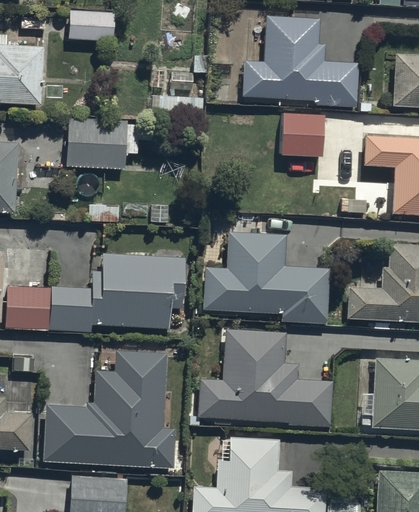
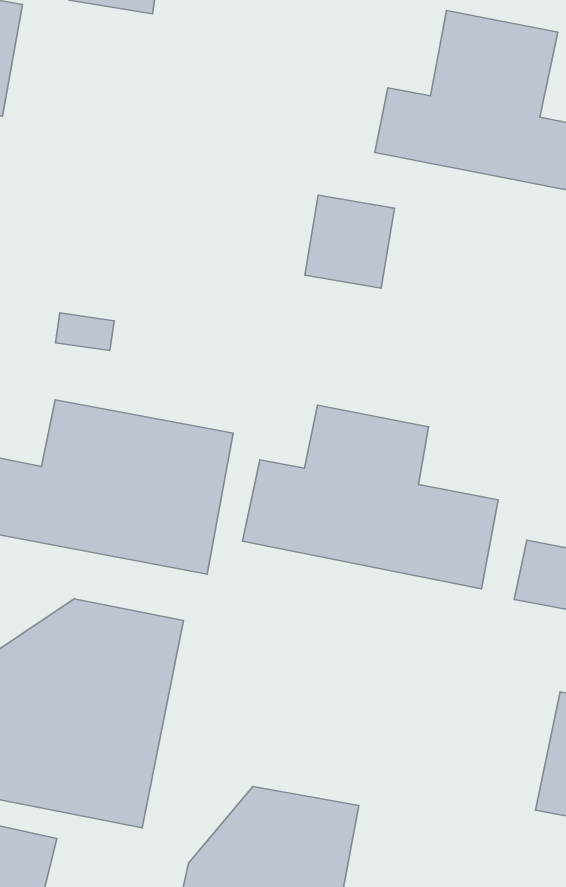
building: [278,112,320,156] -> [305,195,394,288]
building: [64,117,136,169] -> none
building: [199,327,336,423] -> none

